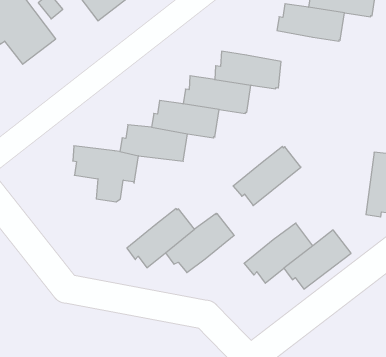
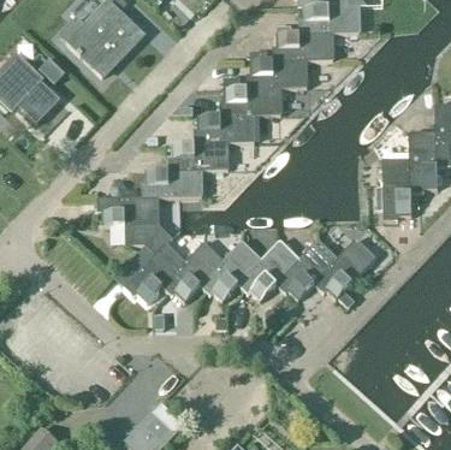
building: none -> [247,59,308,88]
building: [233,146,301,206] -> [238,241,299,301]
building: none -> [124,223,186,302]

